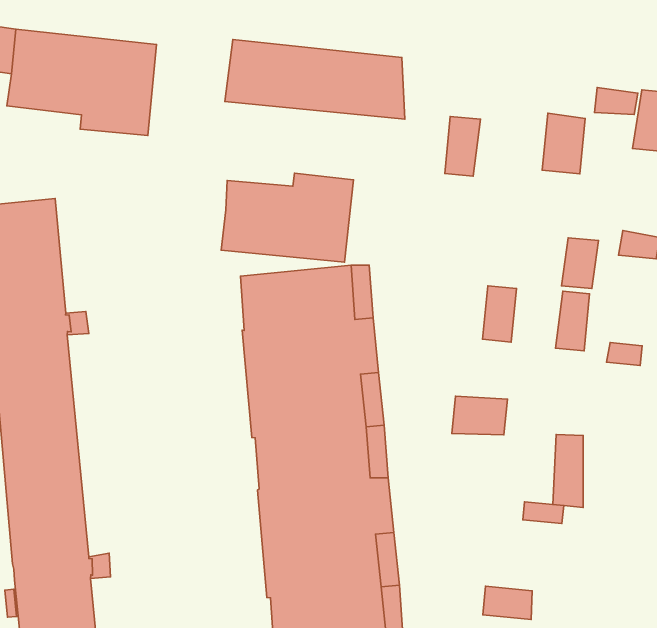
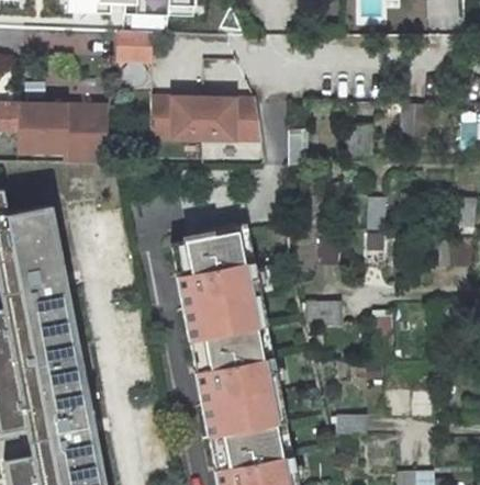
building: [221,173,354,262] -> none

